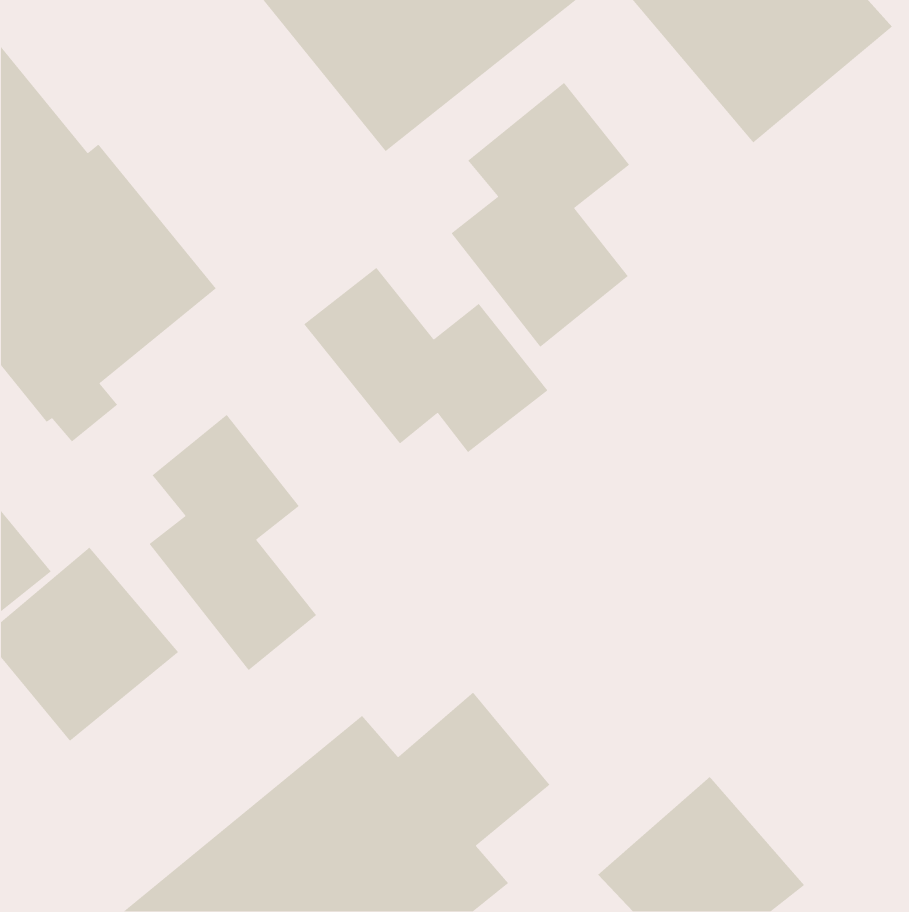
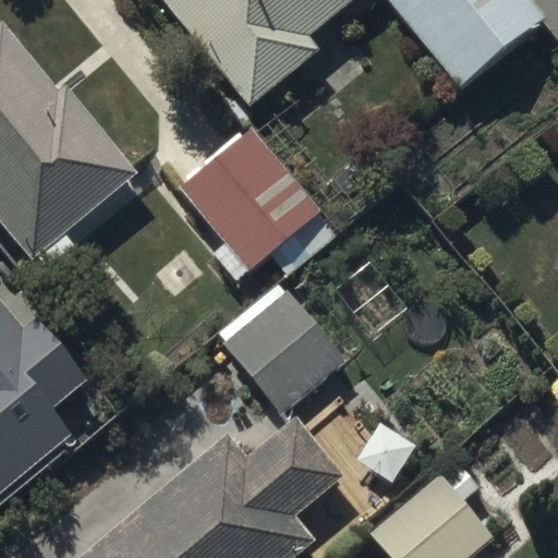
building: [451,82,630,348] -> none
building: [148,414,317,671] -> none
building: none -> [222,286,344,413]

